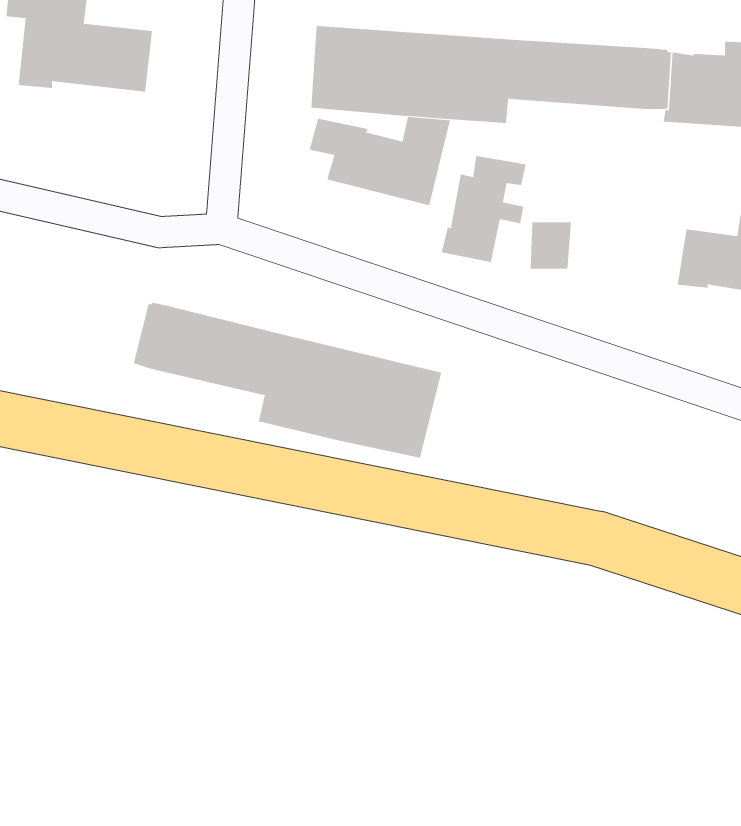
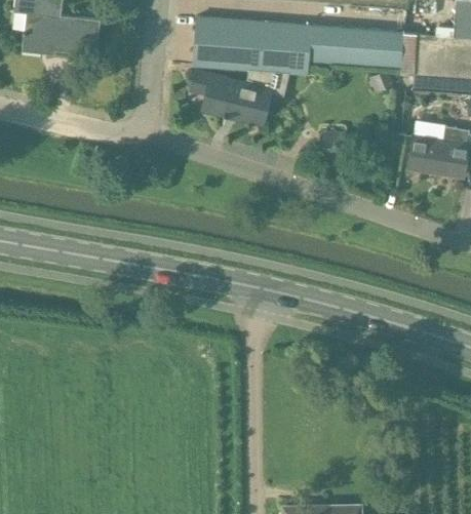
building: [441,155,526,263] -> none
building: [133,302,442,459] -> none

